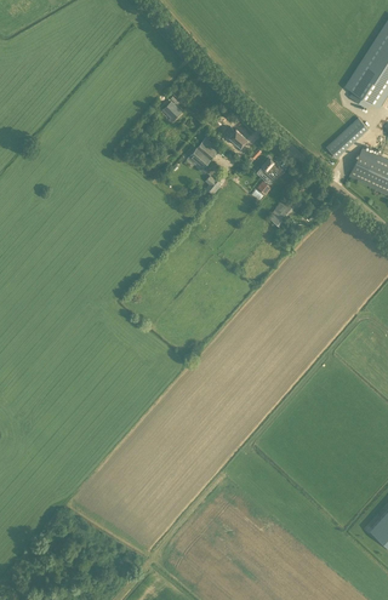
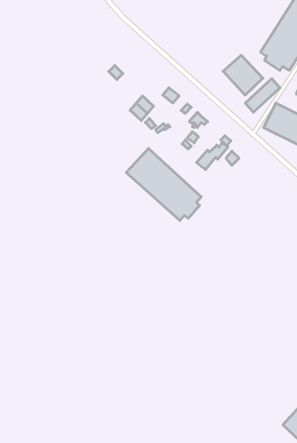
building: none -> [223,55,263,95]
building: none -> [126,148,201,221]

